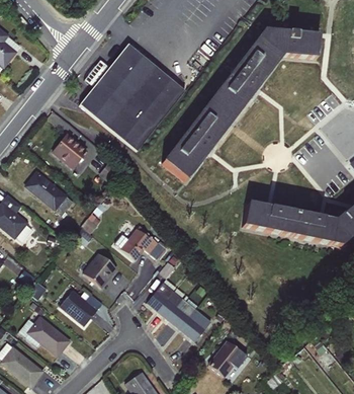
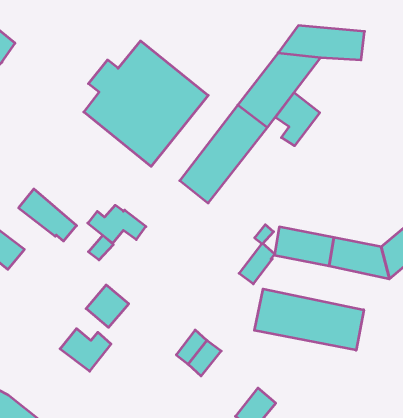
building: none -> [276,92,320,146]
building: [52,133,89,169] -> none
building: [114,228,164,260] -> [88,205,146,243]
building: none -> [254,289,364,350]
building: [147,261,177,312] -> [239,225,275,284]
building: [180,309,211,341] -> none
building: [19,315,72,358] -> none

